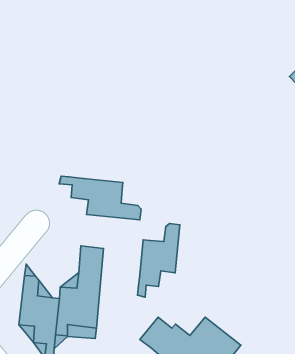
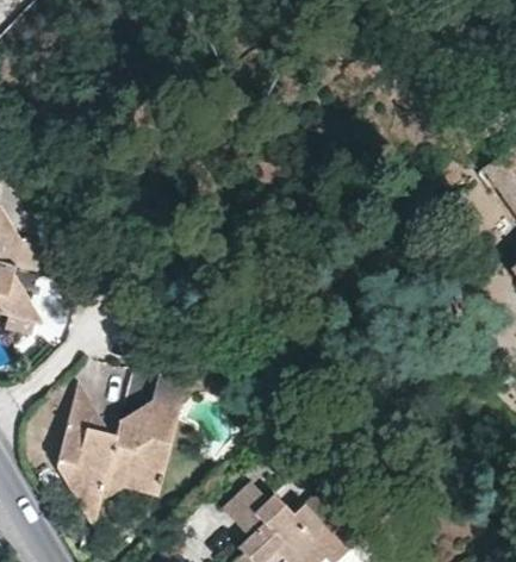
building: [59,176,141,220] -> none
building: [138,223,180,297] -> none

